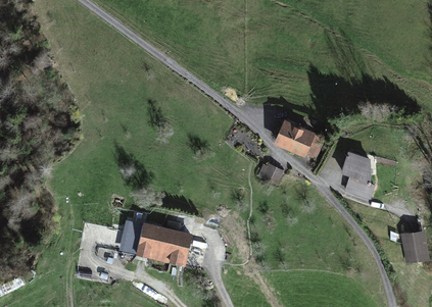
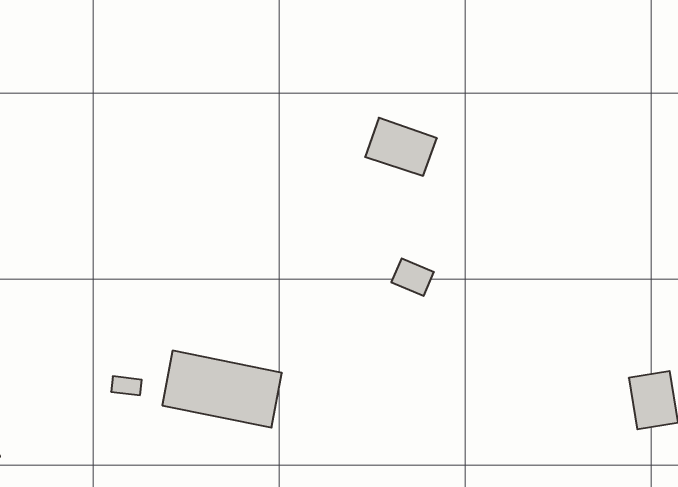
building: [273,120,316,155] -> [365,118,437,176]
building: [341,151,377,201] -> none

